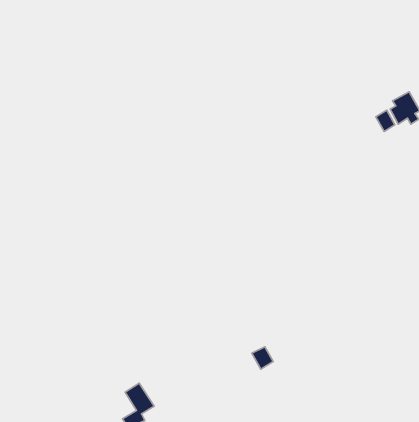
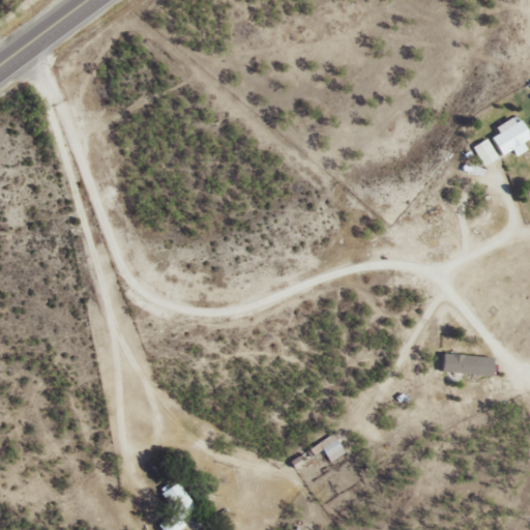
building: none -> [442,355,493,376]

